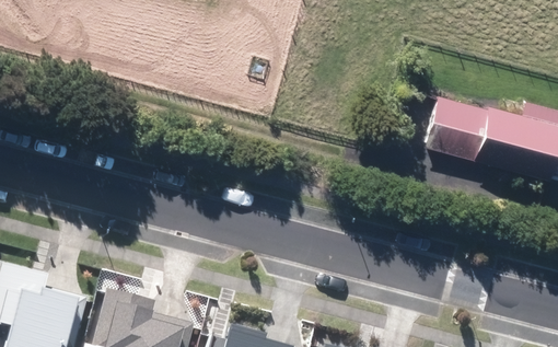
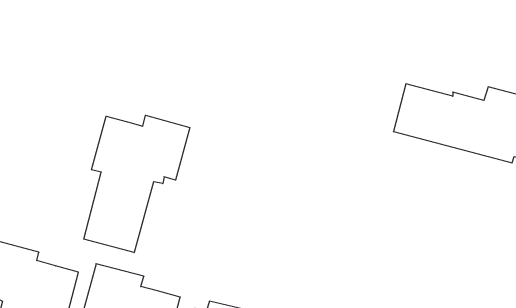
building: none -> [84,115,190,253]

